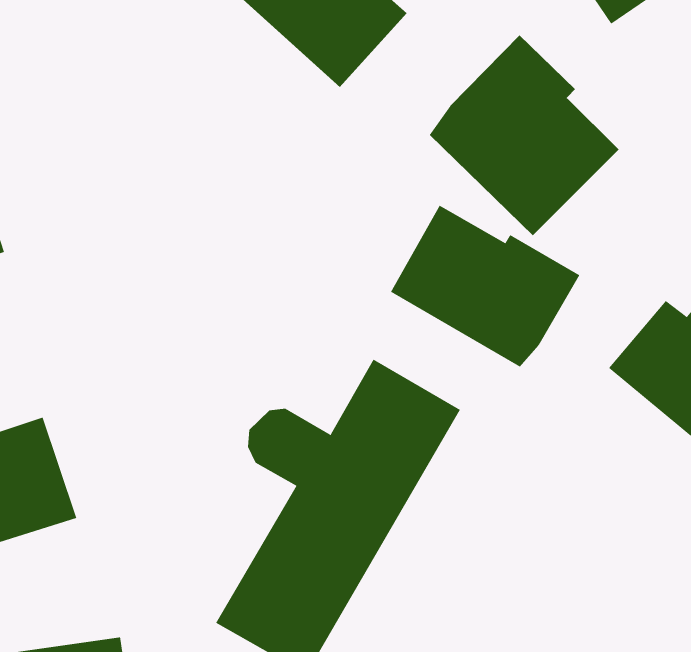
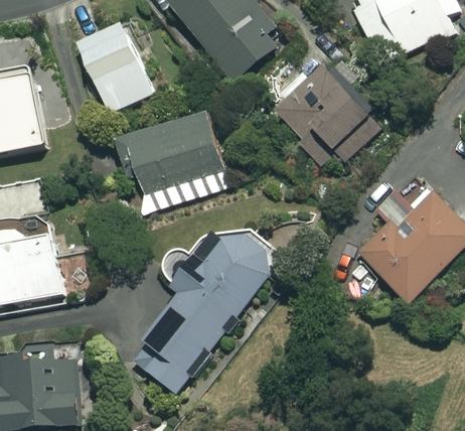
building: none -> [76,22,152,111]
building: none -> [115,110,229,208]
building: [390,205,580,367] -> none

